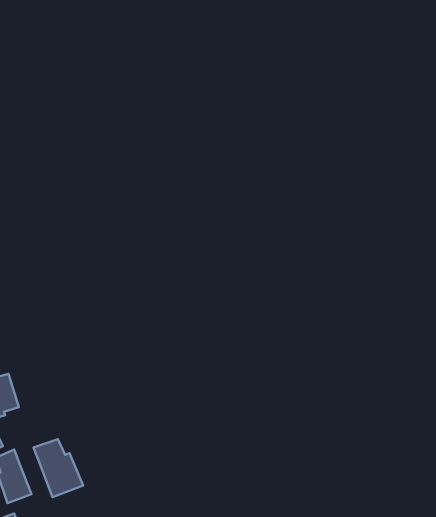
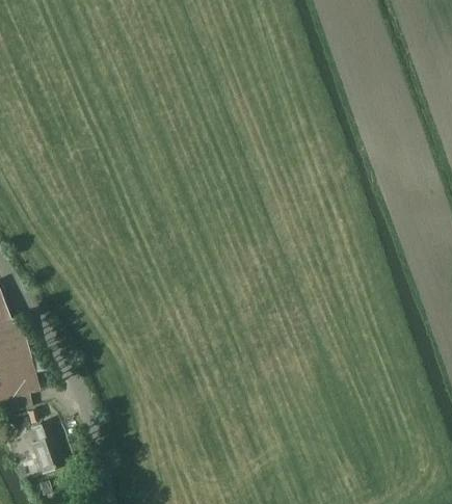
building: [34,439,83,497] -> none

